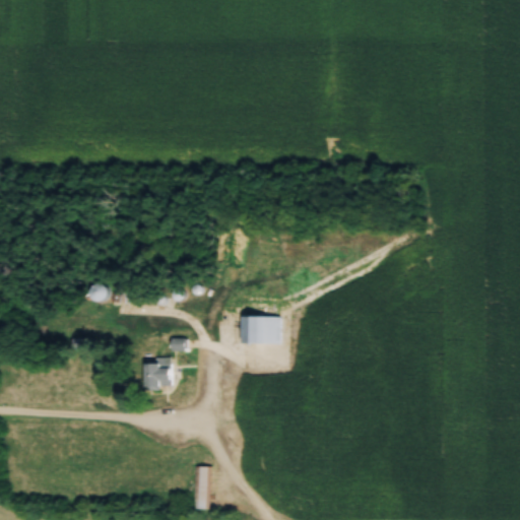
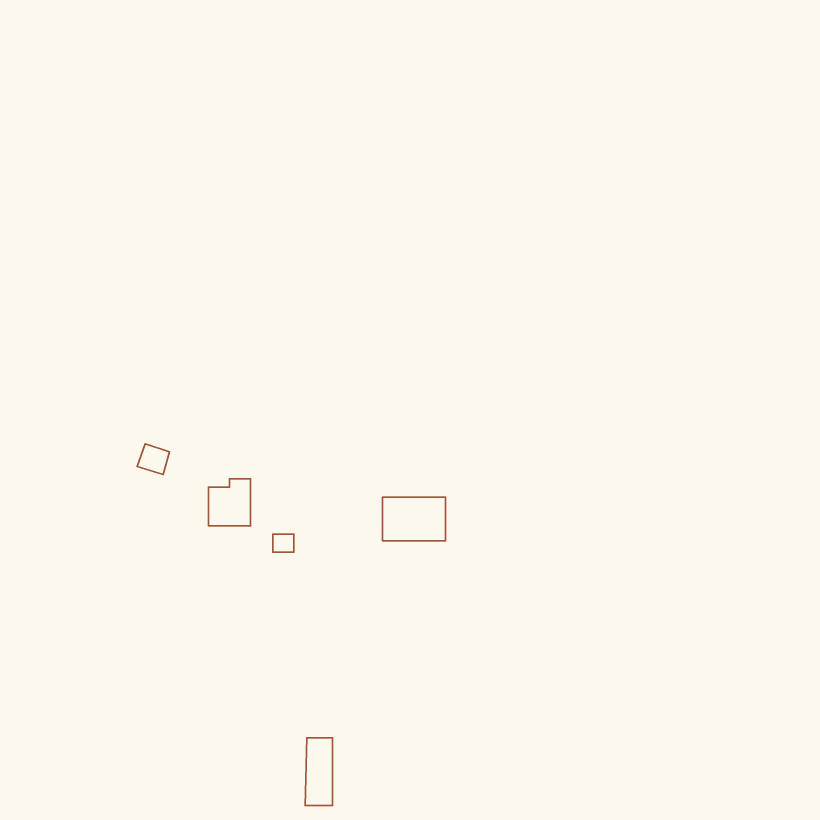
building: [144,359,171,388] -> [208,479,250,526]

